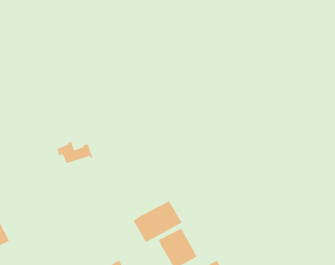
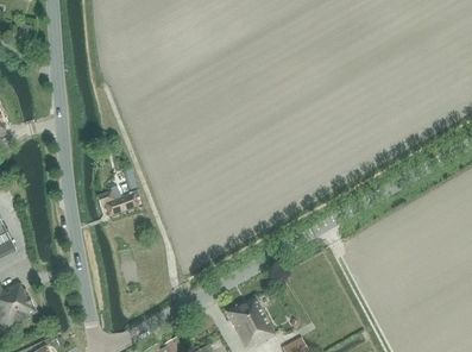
building: [133,200,182,243] -> none

